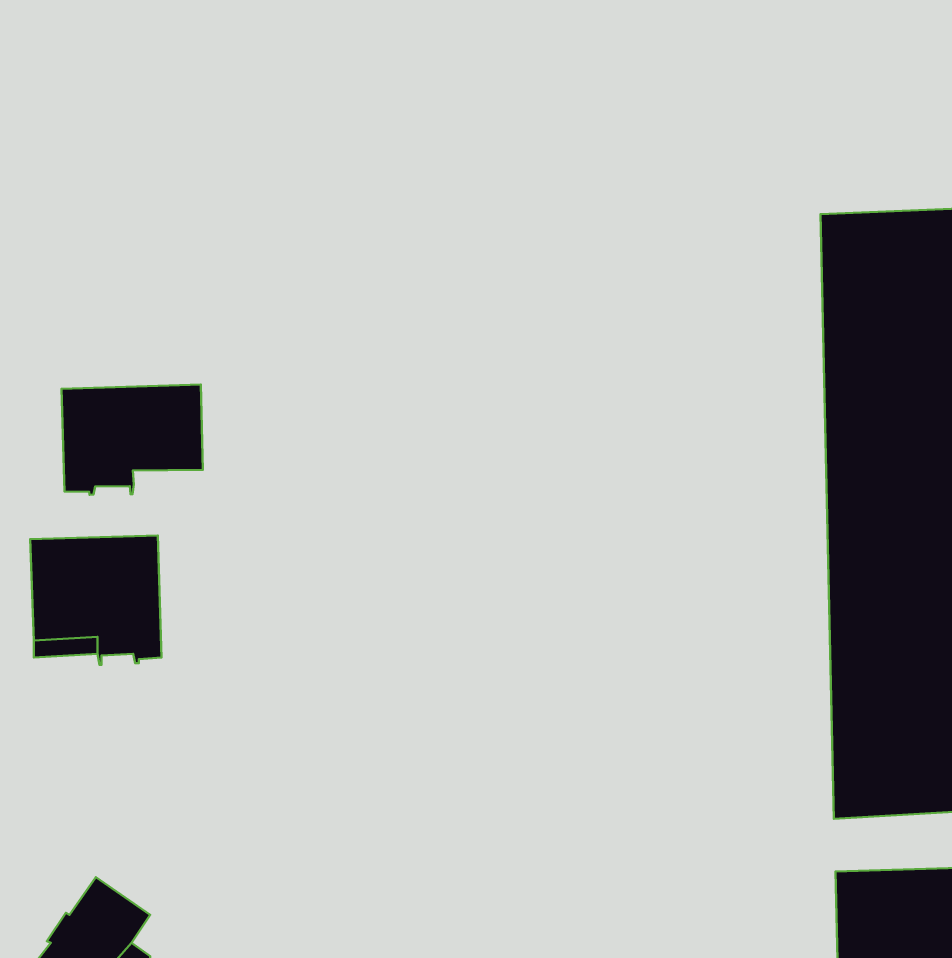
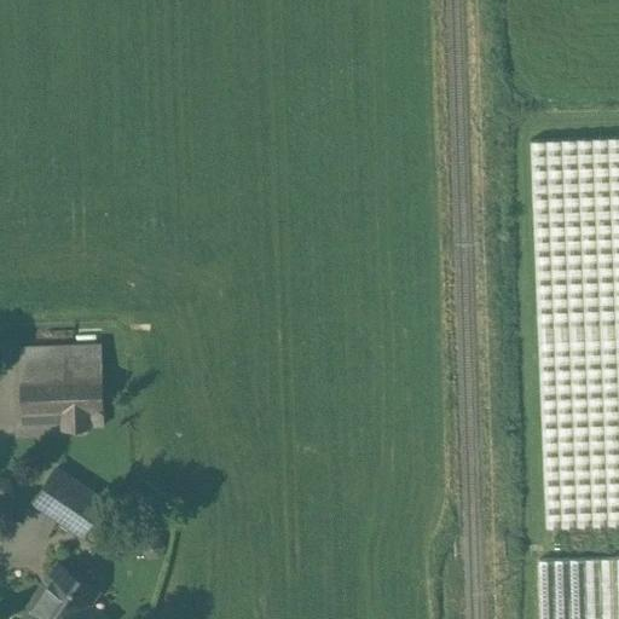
building: [61,385,203,495] -> none
building: none -> [40,469,110,534]

